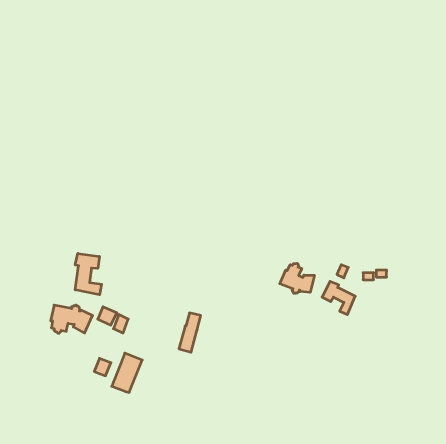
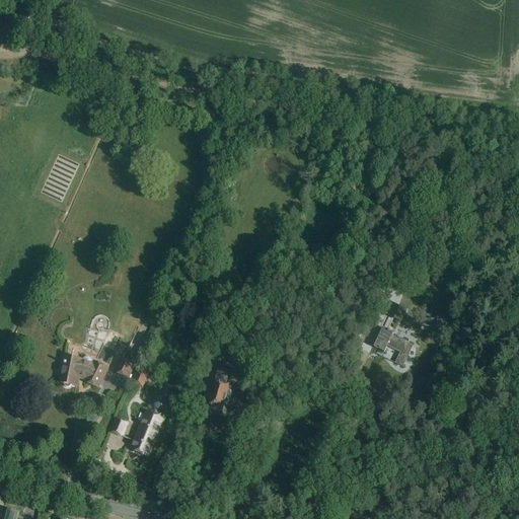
building: [75,253,102,295] -> none
building: [280,263,314,293] -> none

